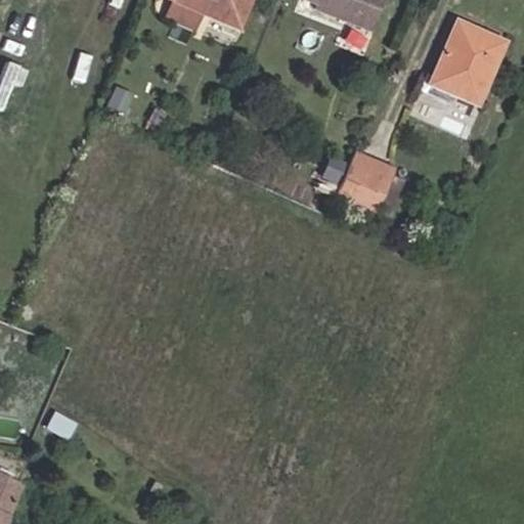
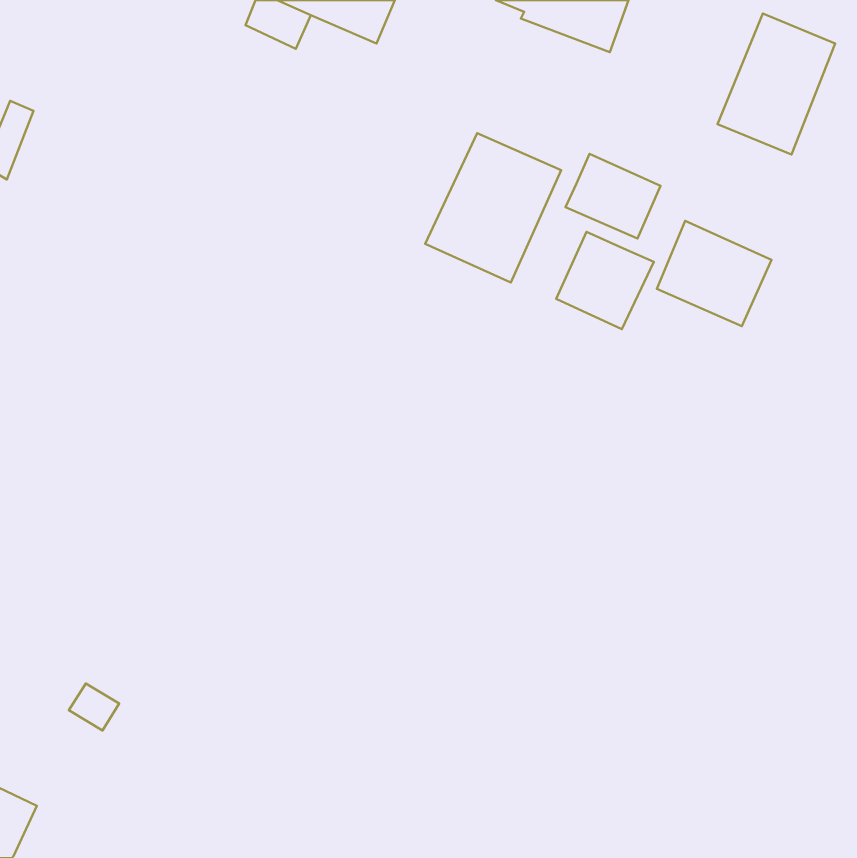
building: none -> [425,133,561,282]
building: none -> [566,154,660,238]
building: none -> [657,221,772,326]

